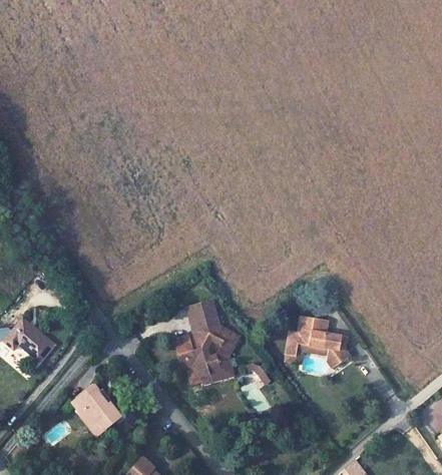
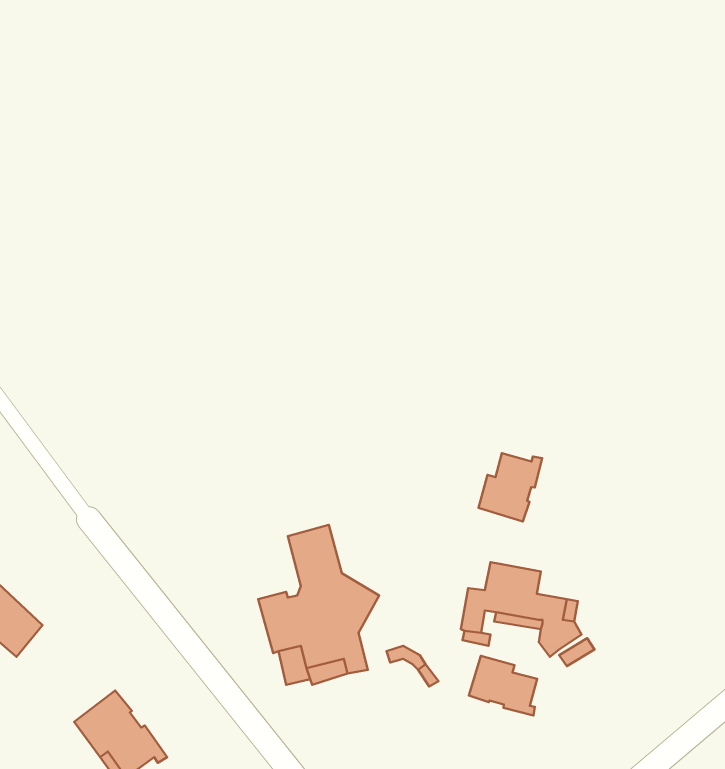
building: none -> [479,453,542,521]
building: none -> [469,656,537,716]

